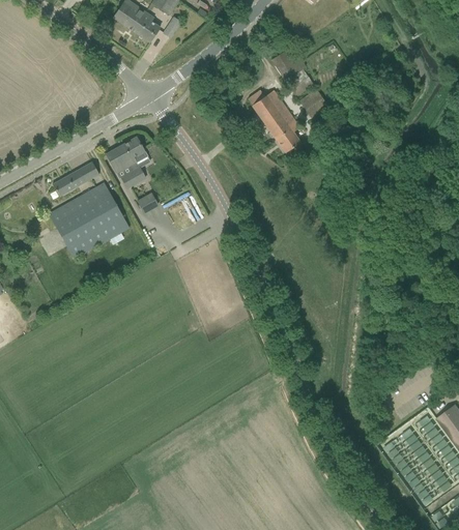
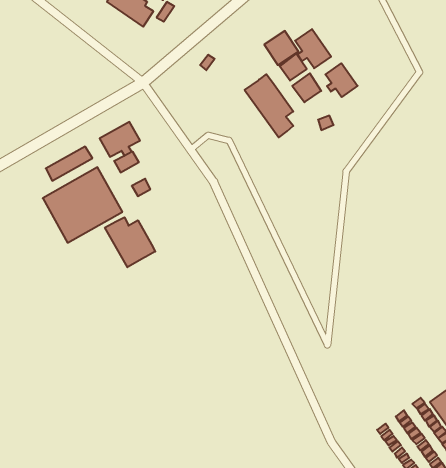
building: none -> [295,29,331,68]
building: none -> [325,63,358,97]
building: none -> [105,217,155,267]

